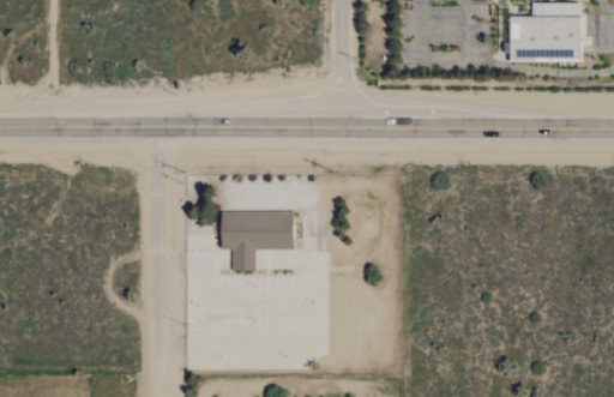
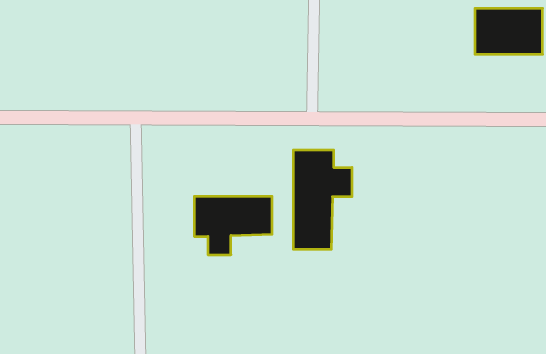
building: none -> [293,150,352,249]

